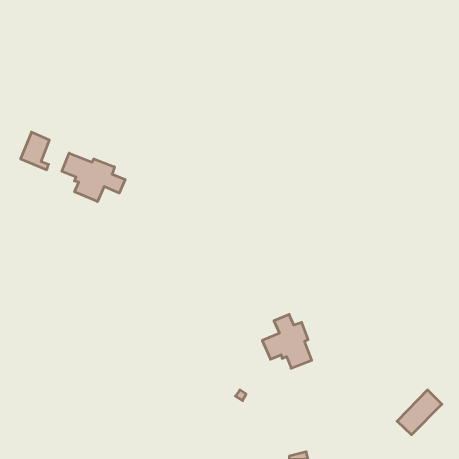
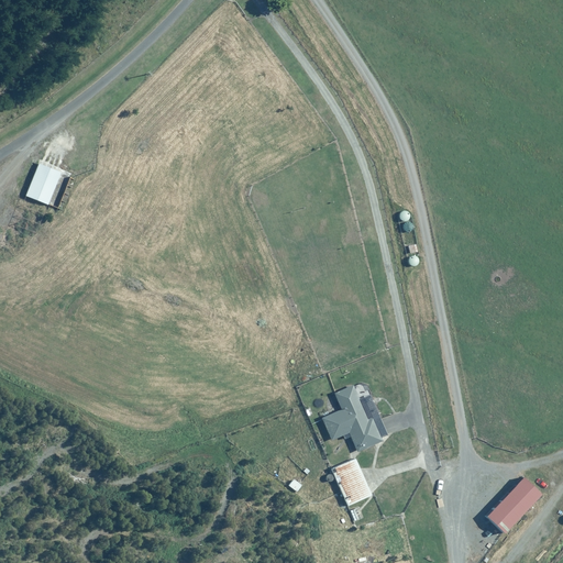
building: [62,153,125,202] -> none
building: none -> [329,455,373,506]

